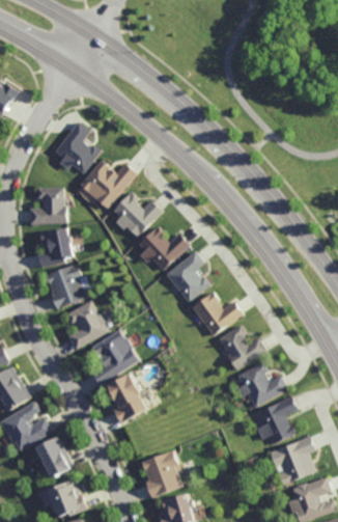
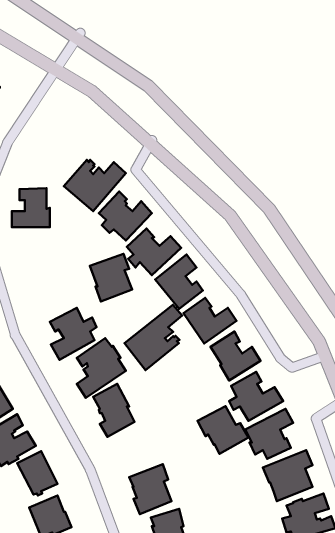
building: [53,120,100,173] -> none
building: [36,227,72,268] -> none
building: [44,264,84,309] -> [90,254,132,302]
building: none -> [124,305,182,370]
building: none -> [197,406,249,454]

